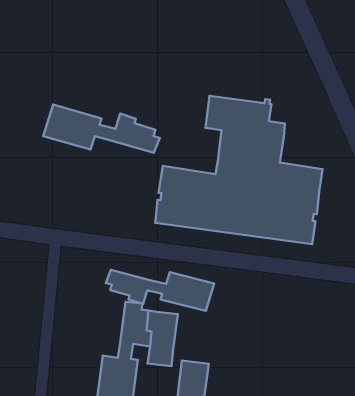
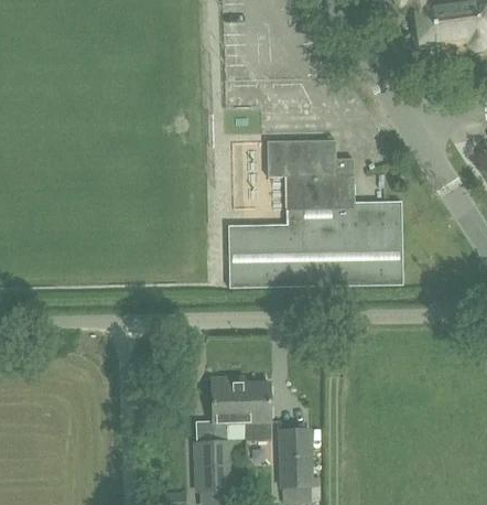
building: [43,105,160,153] -> none
building: [106,270,214,311] -> none

